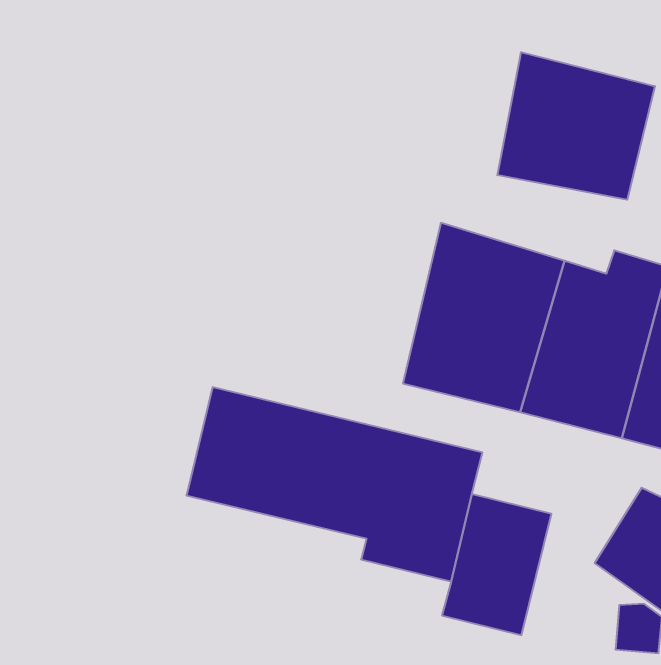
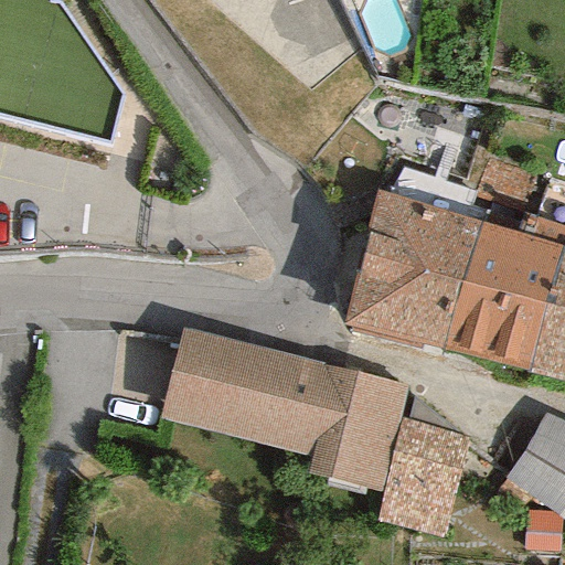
building: [497,52,655,200] -> none

